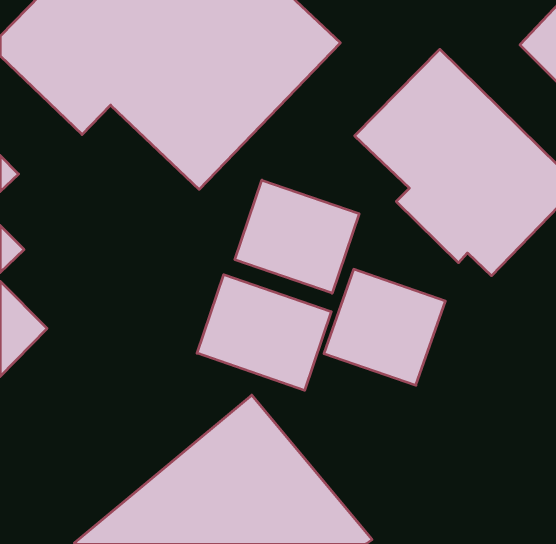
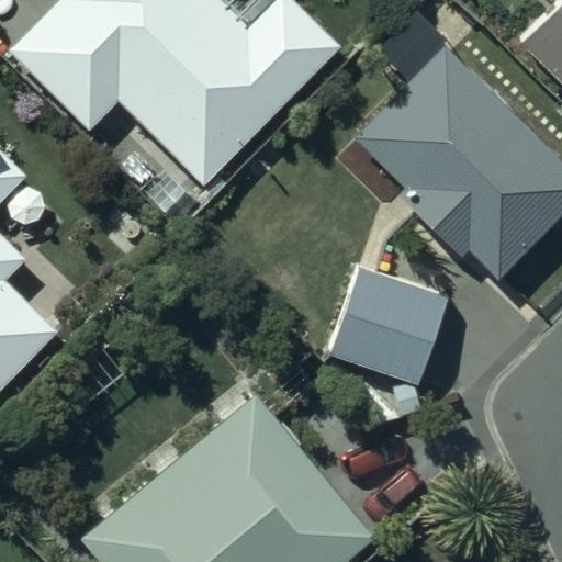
building: [235,180,359,293] -> none
building: [197,275,331,390] -> none

